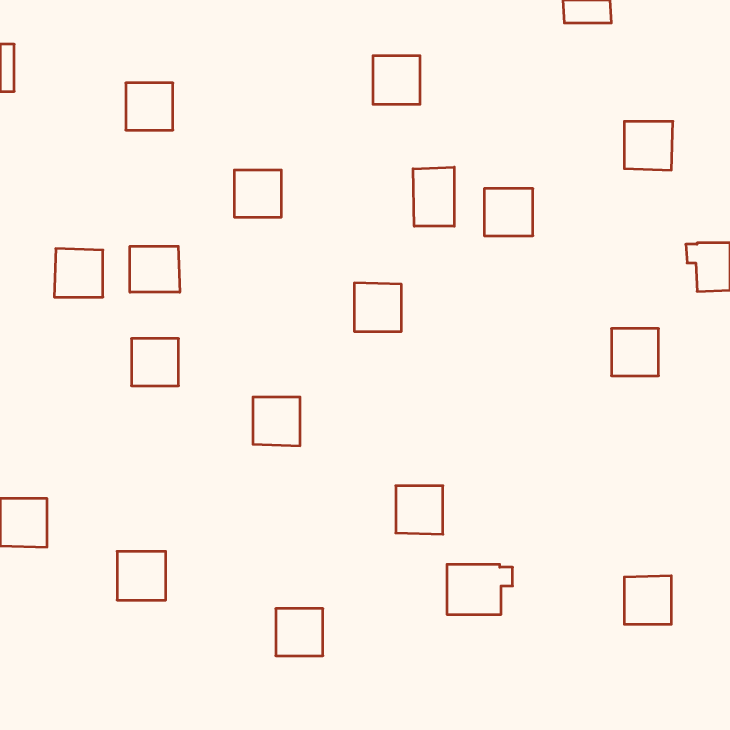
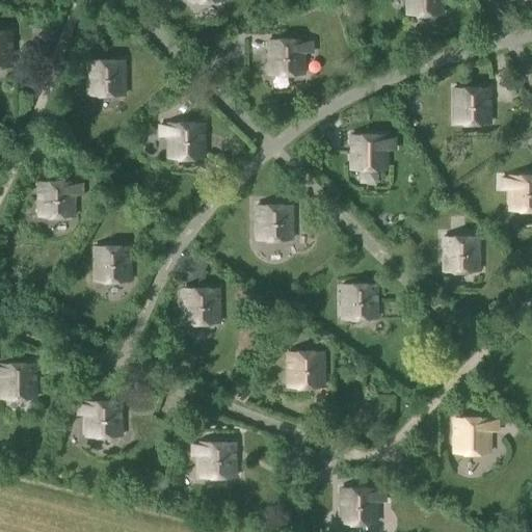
building: [413,167,454,226] -> none
building: [130,246,180,292] -> none
building: none -> [342,286,377,321]
building: [447,564,513,614] -> [338,488,385,525]

